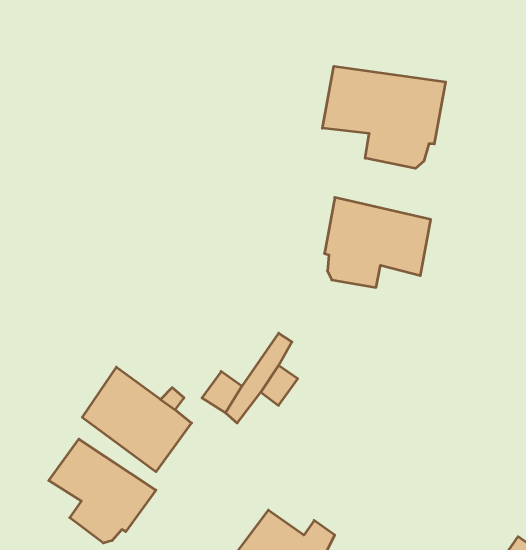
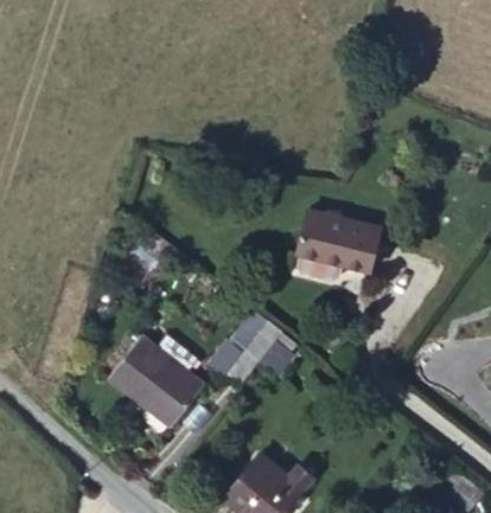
building: [322,66,446,168] -> none
building: [49,439,156,543] -> none

